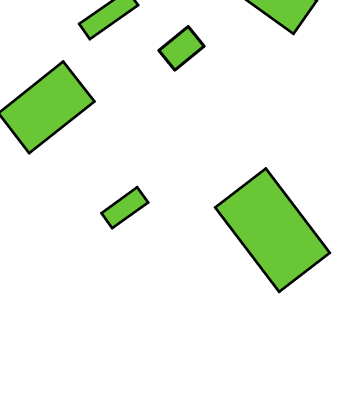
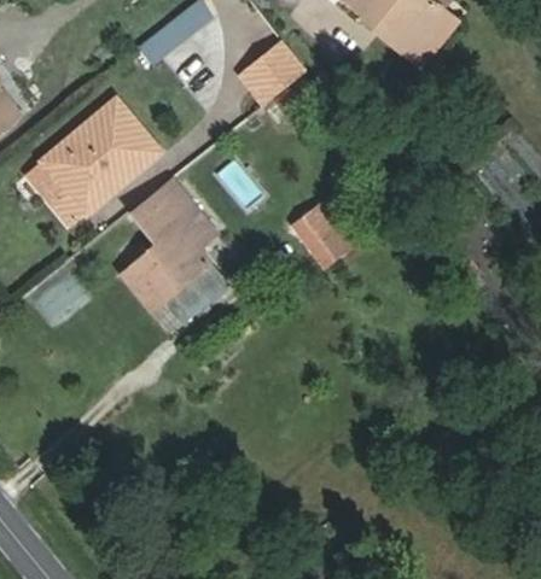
building: none -> [117,176,217,305]
building: none -> [293,209,353,270]
building: [215,168,330,292] -> none

